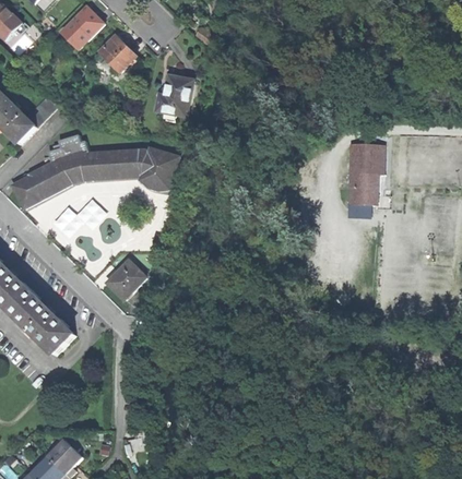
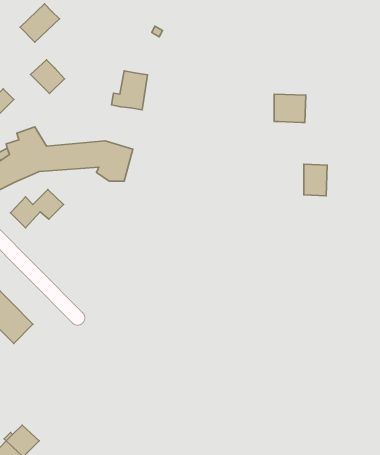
building: [99,36,134,71] -> [30,60,64,94]
building: [348,144,381,173] -> [274,94,306,123]
building: [107,262,145,300] -> none

